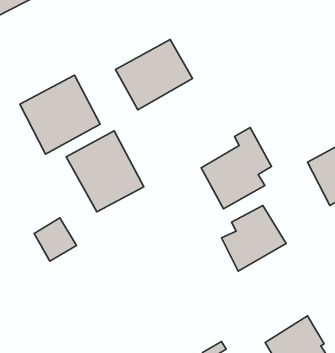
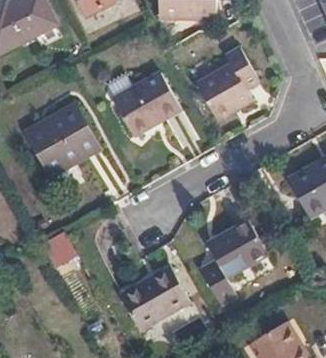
building: [201,128,271,209] -> [196,44,259,117]
building: [66,131,144,212] -> none
building: none -> [117,265,188,331]

